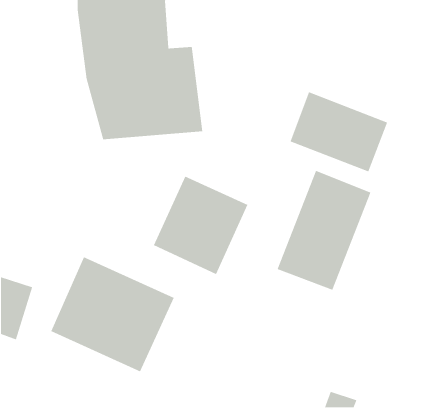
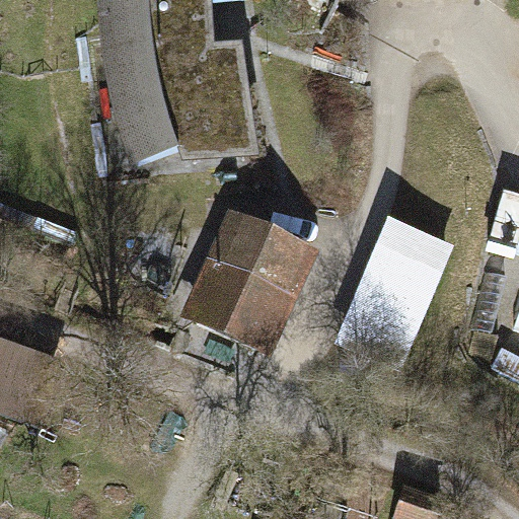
building: [289,91,388,172] -> none
building: [50,256,175,372] -> none

